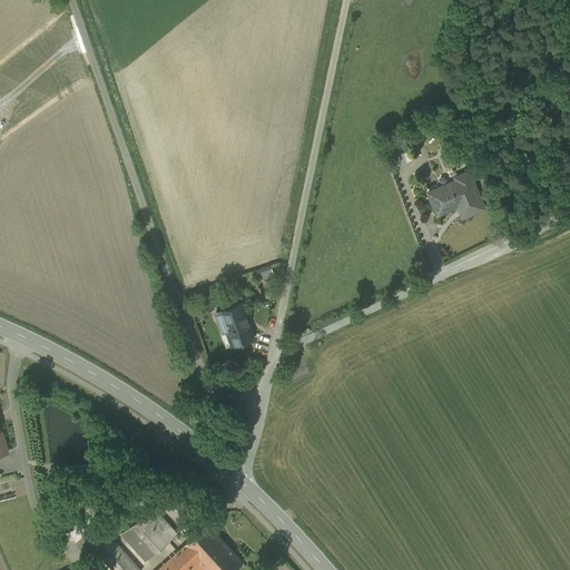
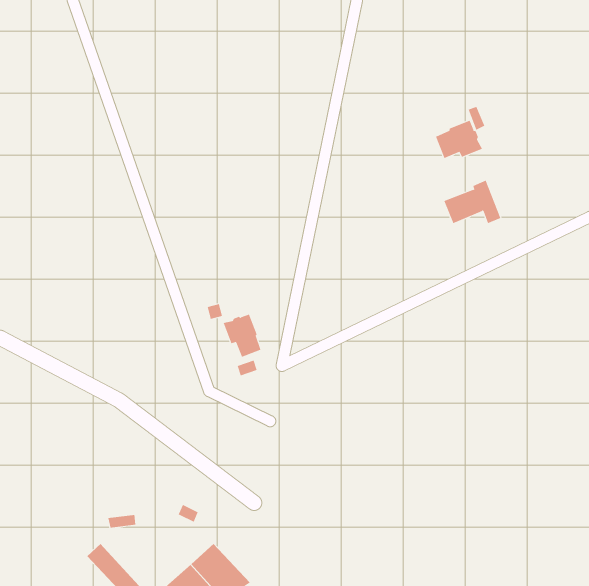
building: none -> [435,120,483,159]
building: [121,508,178,563] -> none

